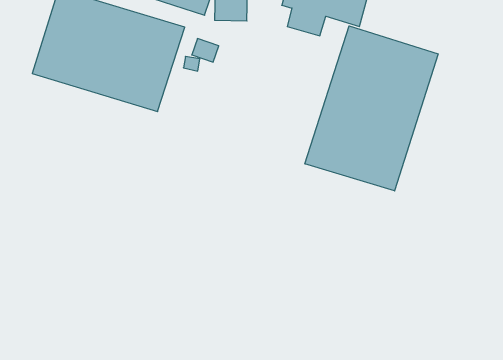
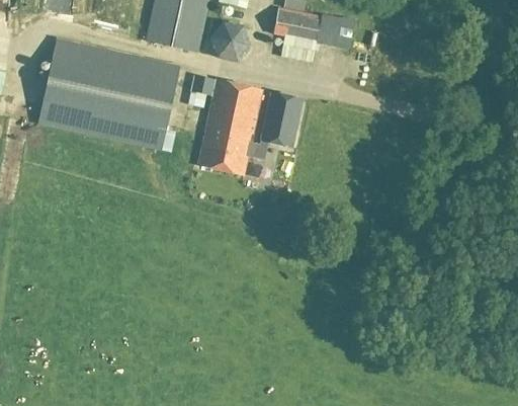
building: [305,26,438,191] -> none
building: none -> [198,80,304,175]

